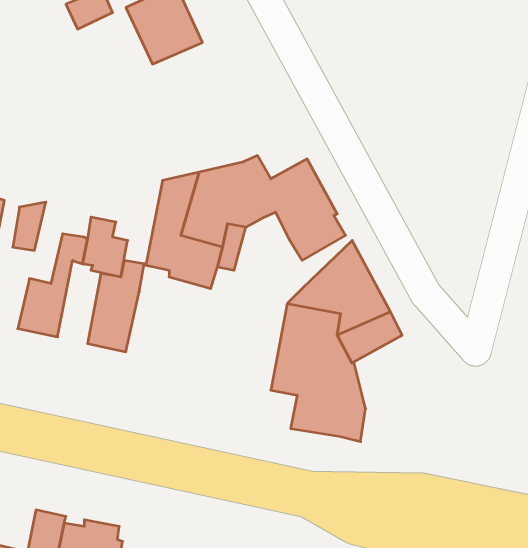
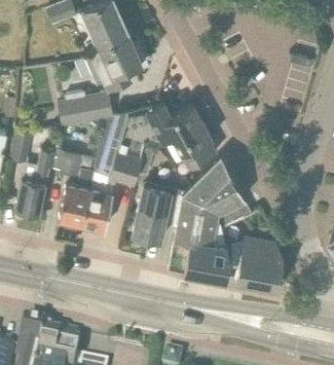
building: none -> [83,33,145,87]
building: none -> [59,93,111,123]
building: none -> [131,186,170,242]
building: none -> [80,187,110,229]
building: none -> [234,236,290,289]

